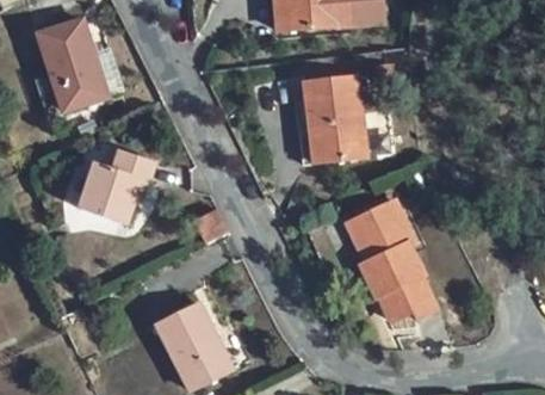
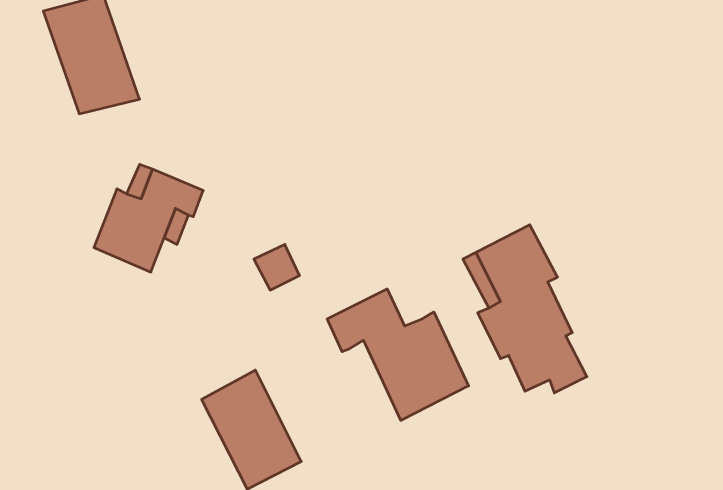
building: [298,73,369,165] -> none
building: none -> [327,289,469,420]

